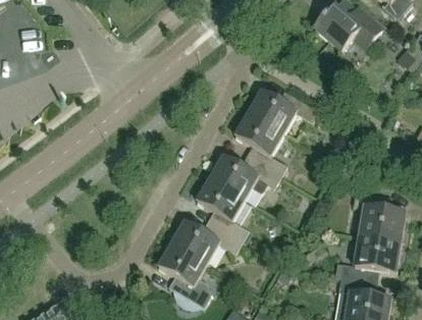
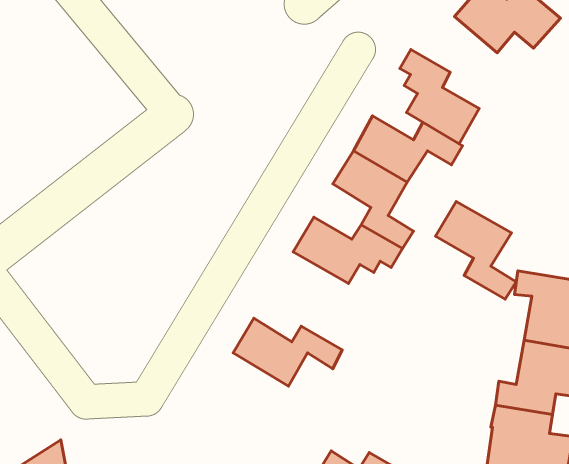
building: none -> [400,49,479,144]
building: [198,177,250,241] -> [436,201,516,299]
building: [159,243,211,307] -> none

